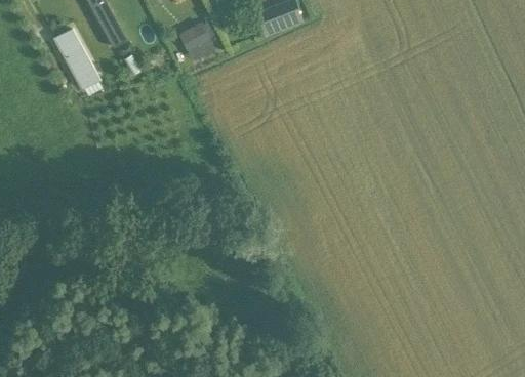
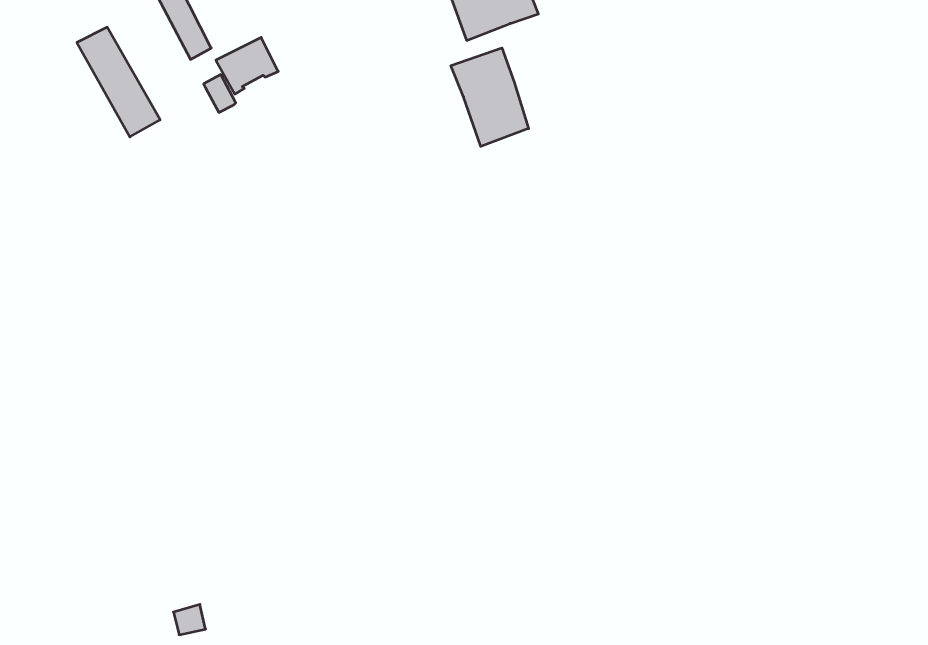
building: [178,22,212,52] -> [216,37,278,94]
building: none -> [451,48,529,146]

